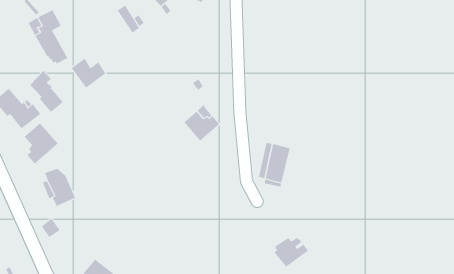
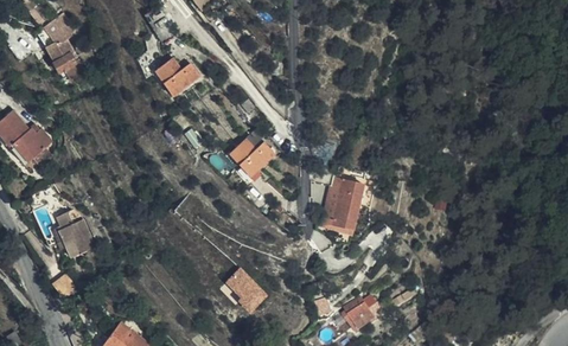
building: [71,58,106,88] -> [154,58,198,96]
building: [29,70,64,113] -> none
building: [24,123,59,165] -> none
building: none -> [223,265,268,310]

